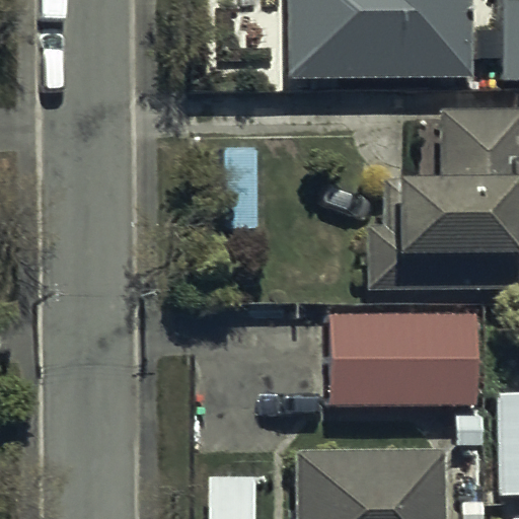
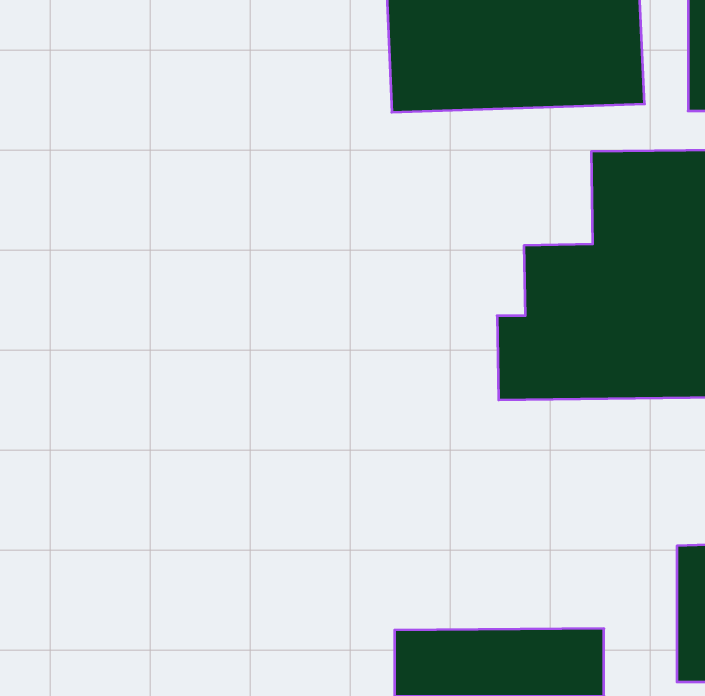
building: [331,309,475,407] -> none

